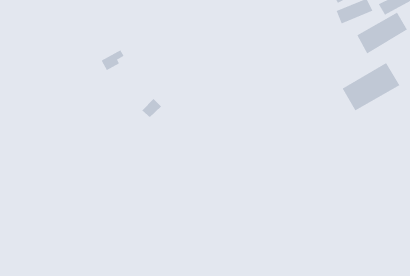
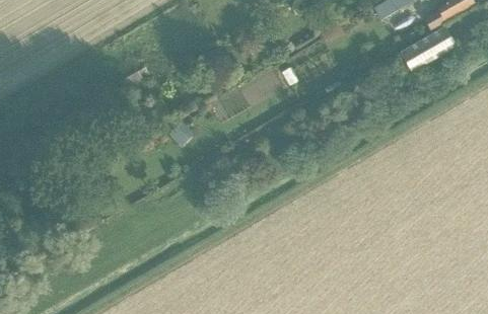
building: [342,62,400,111] -> none

